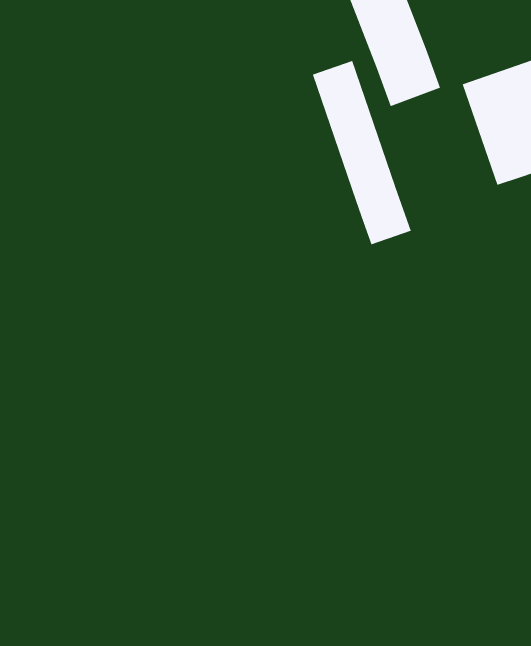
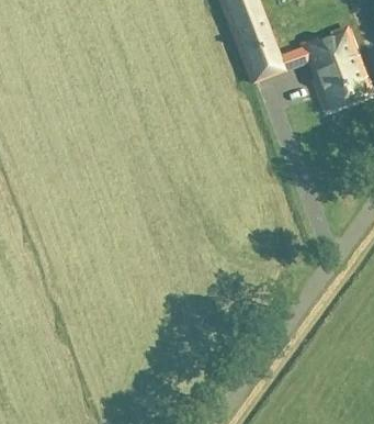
building: [312,60,412,245] -> none

